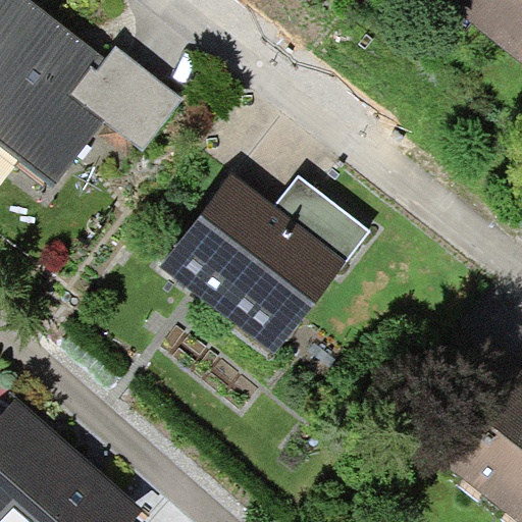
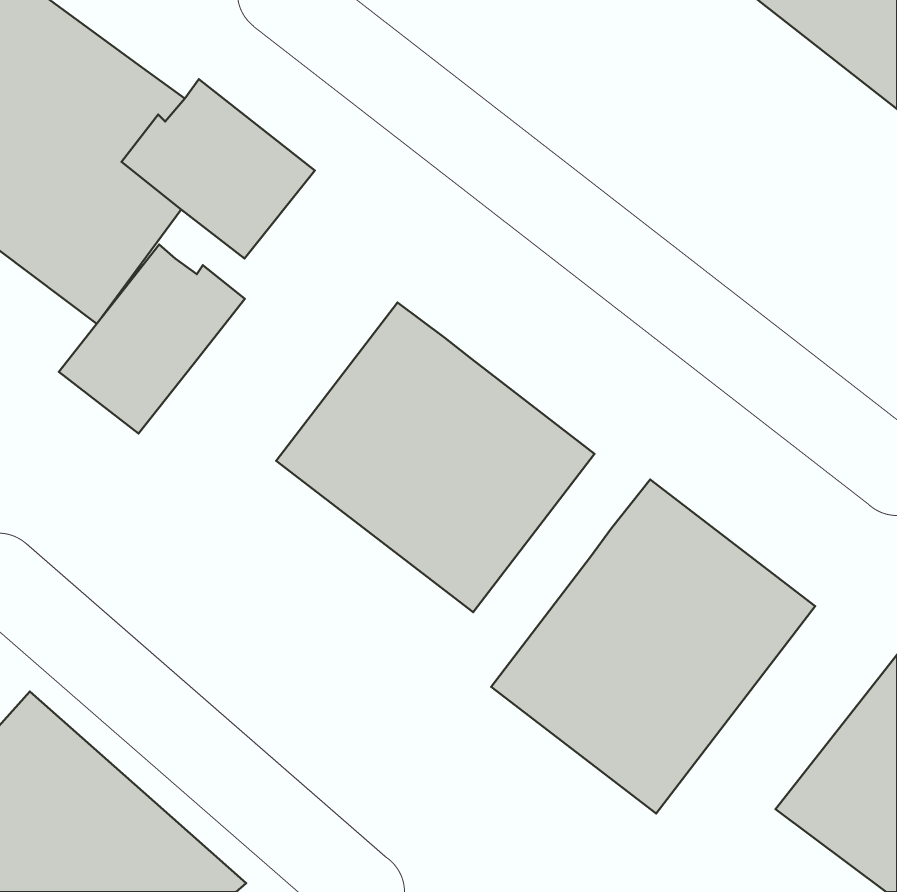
building: none -> [59,245,245,433]
building: [273,175,369,263] -> none
building: none -> [491,479,815,814]

